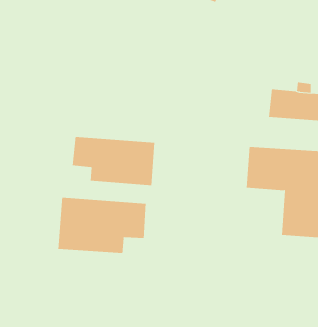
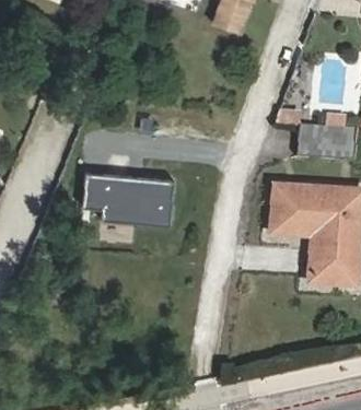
building: [58,197,146,254] -> none

